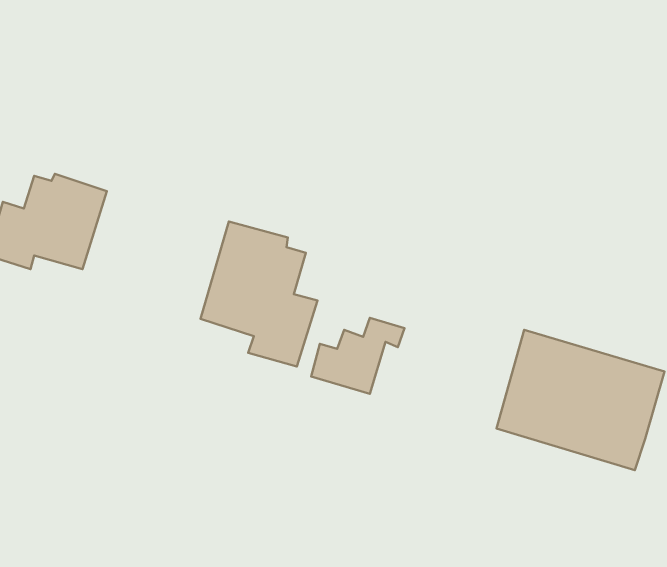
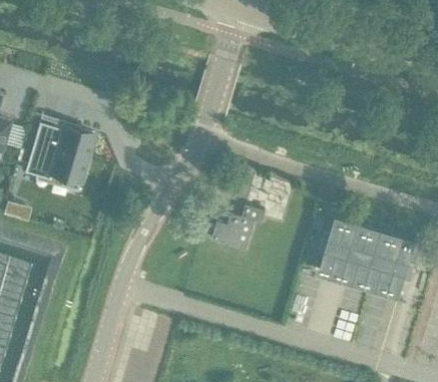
building: [200,222,318,367] -> none

